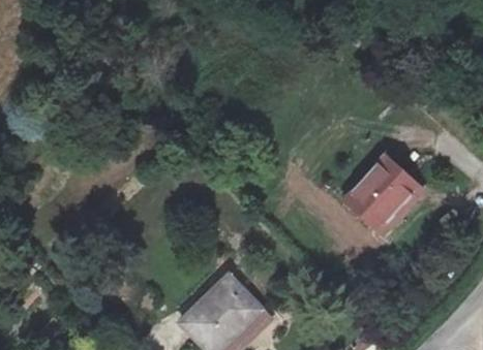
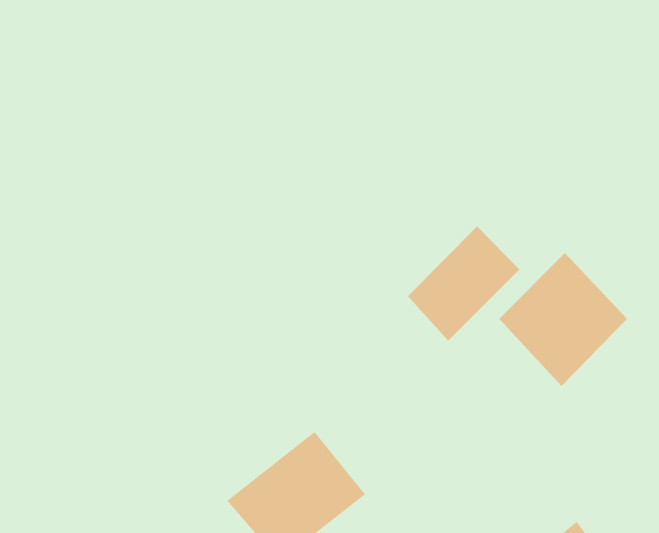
building: none -> [407,225,520,342]

